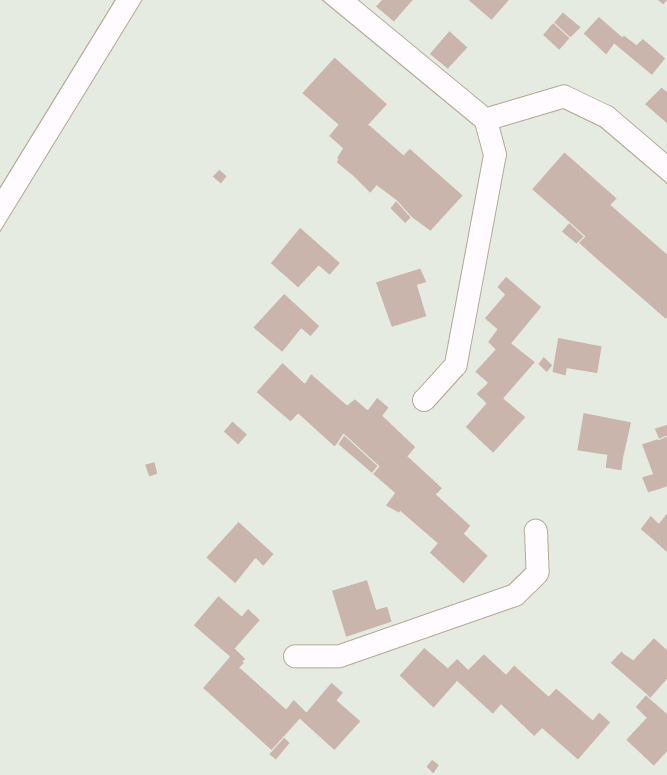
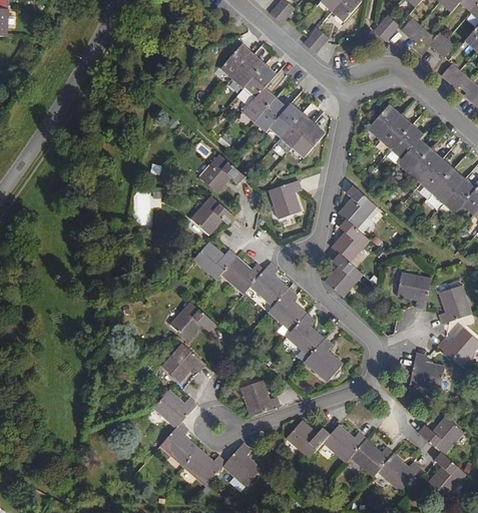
building: [552,337,602,376] -> none
building: none -> [168,300,214,340]
building: none -> [411,353,445,389]

